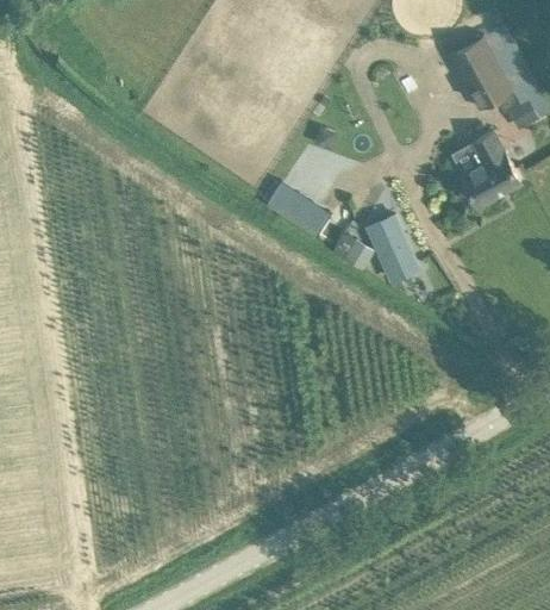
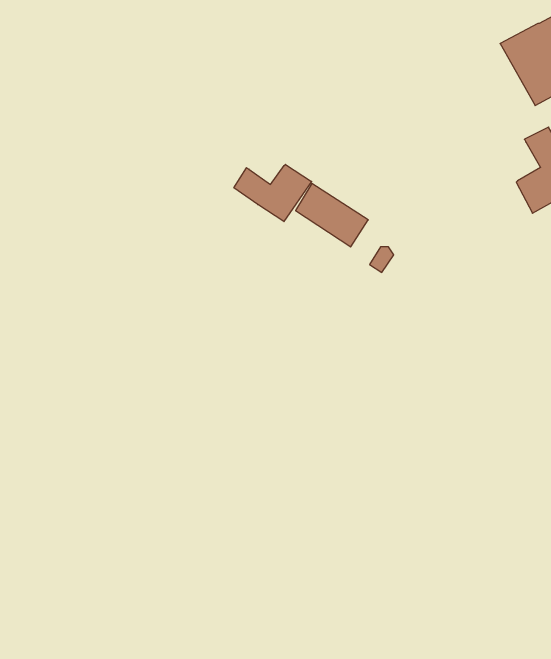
building: none -> [234,164,312,222]
building: [367,218,418,282] -> none

